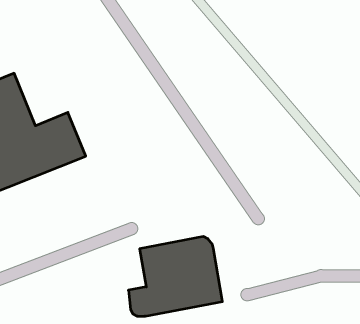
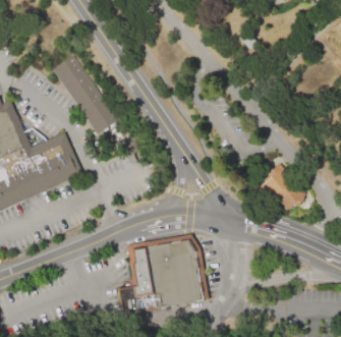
building: none -> [51,54,121,138]
building: none -> [264,164,305,209]

